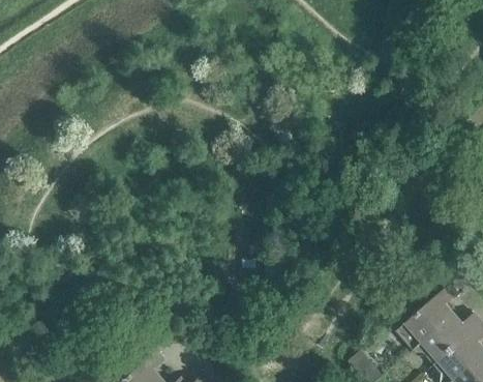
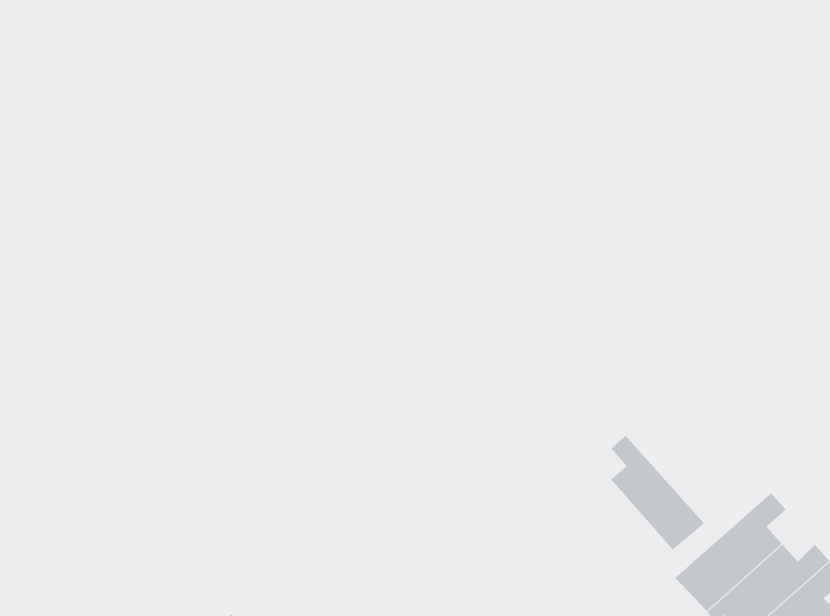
building: none -> [610,435,705,550]

